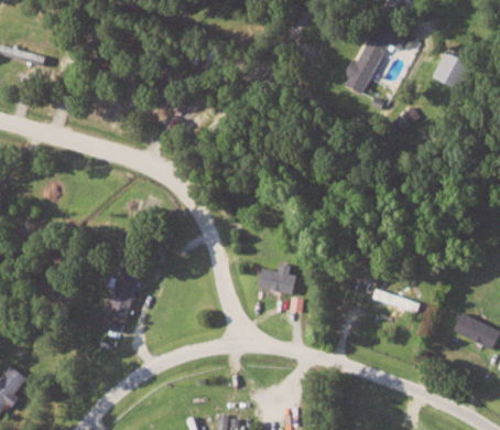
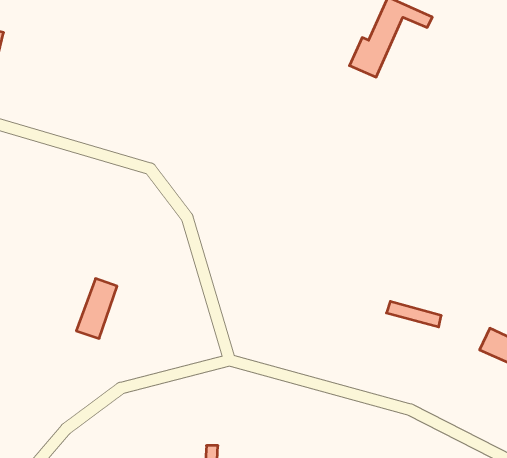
building: [435,53,472,90] -> none
building: [259,262,297,295] -> none

